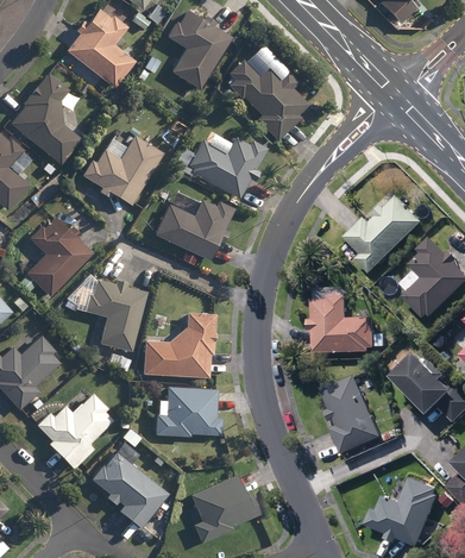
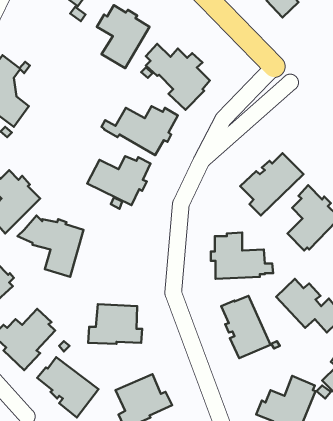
building: [65,7,136,88] -> none
building: [81,133,164,205] -> none
building: [142,312,215,377] -> none

